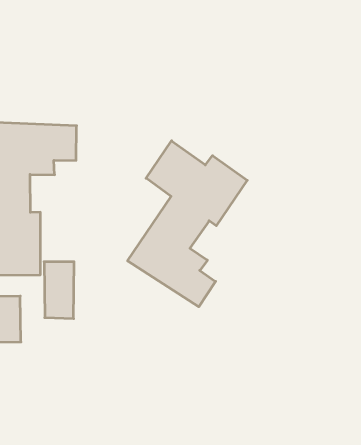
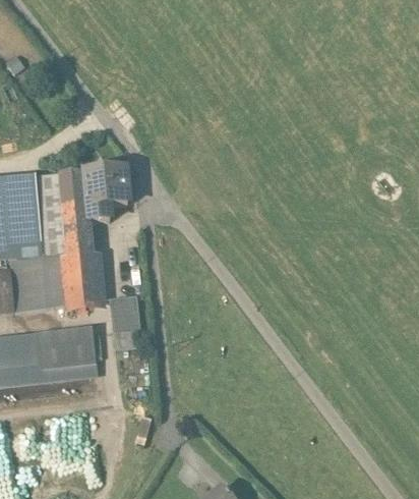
building: [128,141,247,307] -> none

